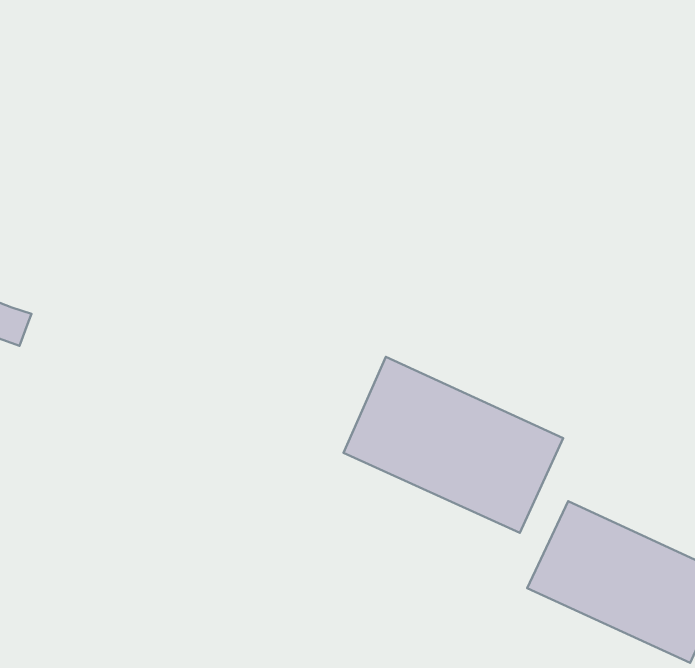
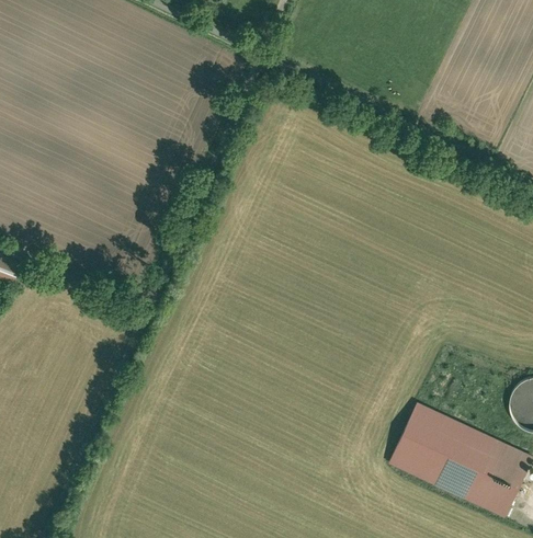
building: [343,357,563,533] -> none

